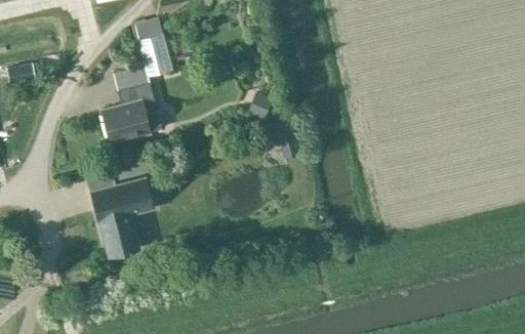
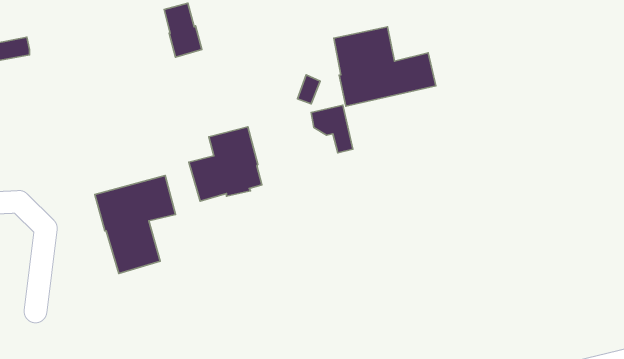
building: none -> [334,27,436,106]
building: [100,81,160,141] -> [189,127,262,201]

